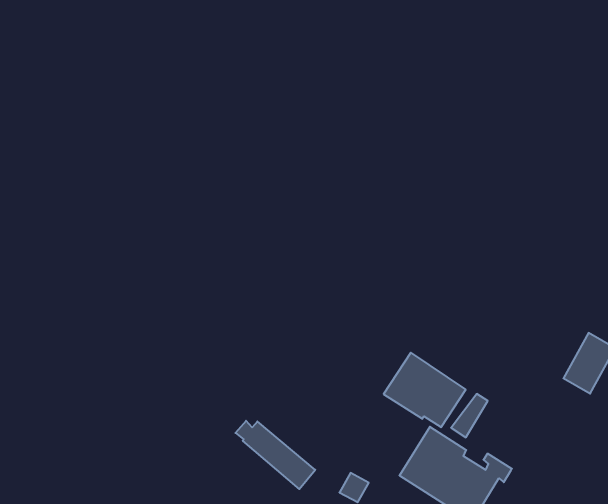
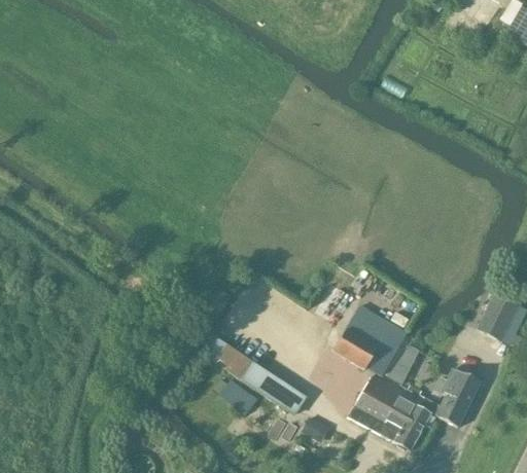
building: none -> [221,344,308,413]
building: none -> [436,367,482,426]

